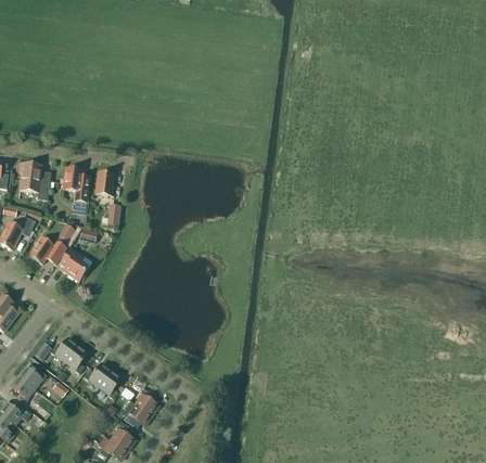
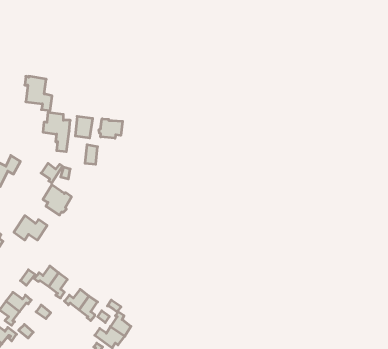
building: [18,162,49,200] -> [25,76,52,111]
building: none -> [99,119,123,138]
building: [29,236,66,263] -> [14,216,47,240]

